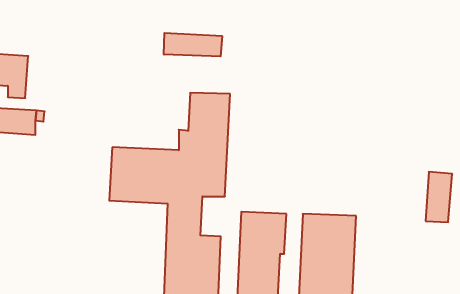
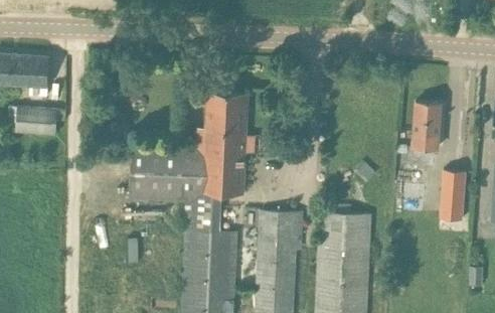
building: [164,33,222,56] -> none
building: none -> [412,103,442,149]

